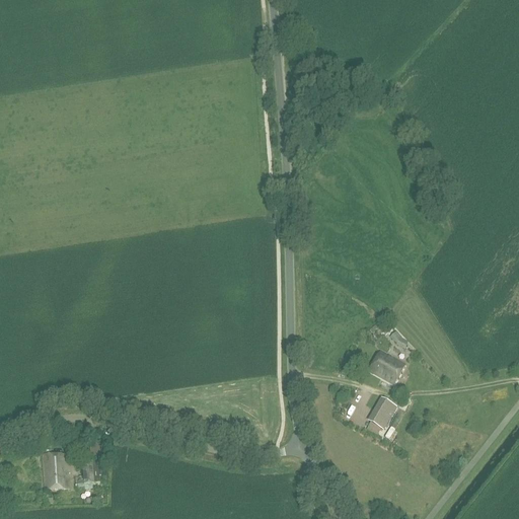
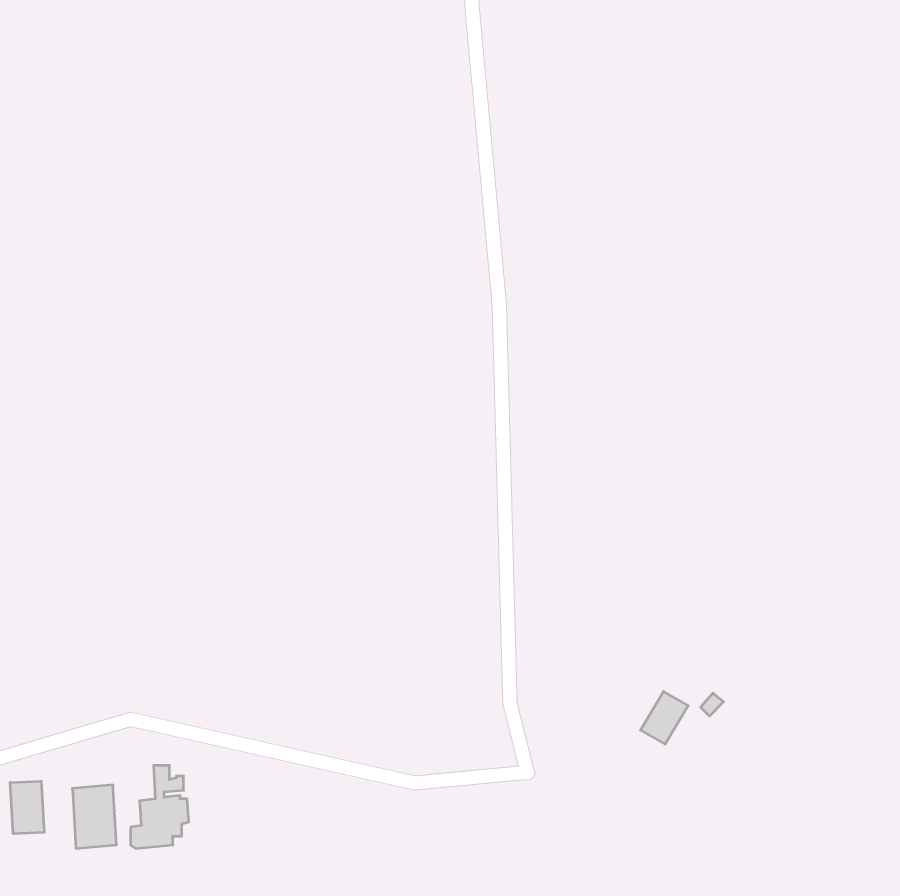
building: [369,350,403,383] -> none
building: none -> [10,781,44,834]

